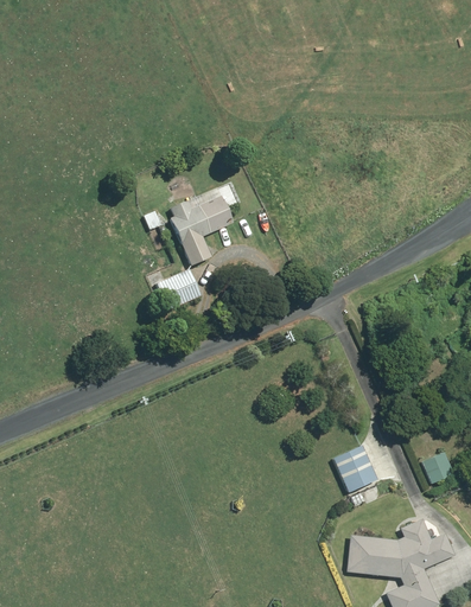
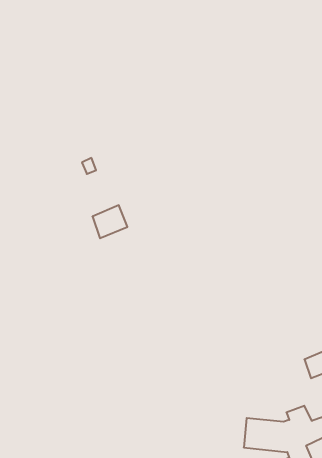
building: [170,194,233,264] -> none
building: [332,445,377,493] -> none

